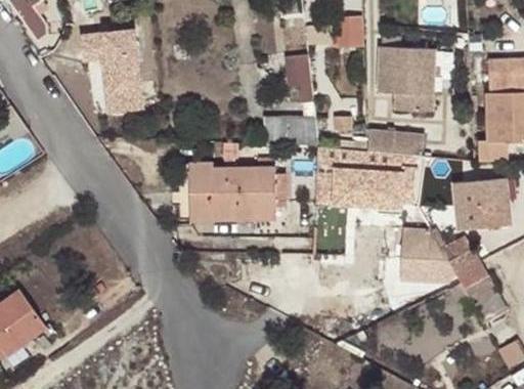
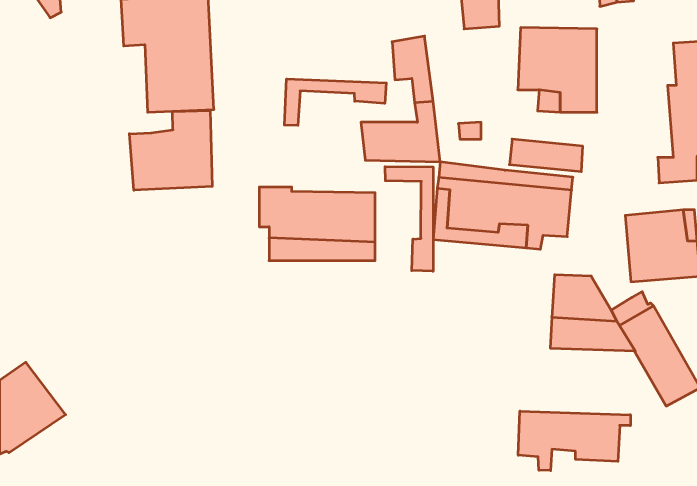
building: none -> [284,79,386,125]
building: none -> [129,110,212,190]
building: none -> [385,167,433,271]
building: none -> [518,411,630,471]

